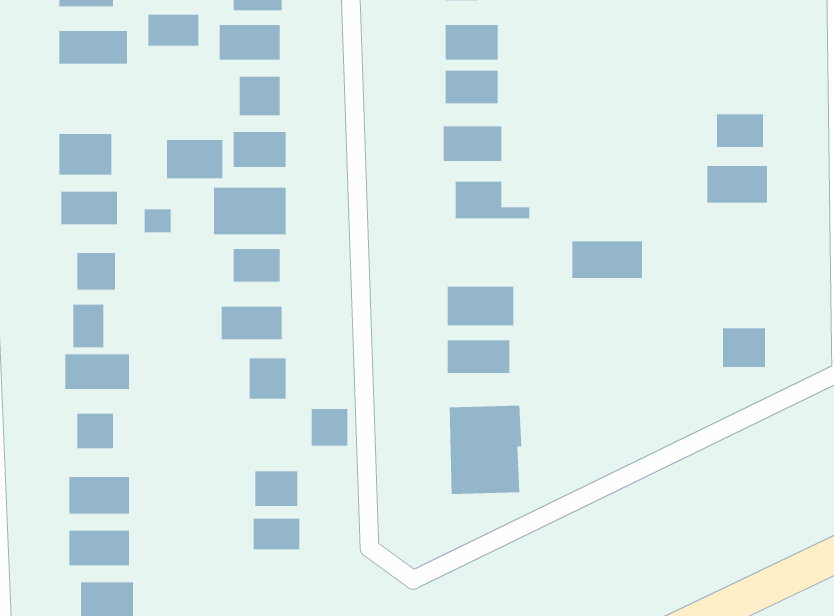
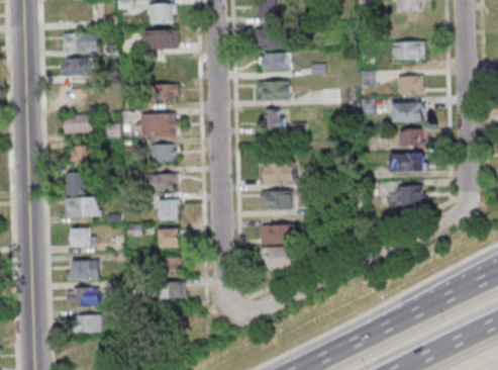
building: [148,14,199,46] -> [63,59,89,75]
building: none -> [393,41,424,60]
building: [166,139,223,179] -> none
building: none -> [399,128,425,147]
building: [572,241,643,279] -> [389,153,425,172]
building: [311,408,348,446] -> [159,228,178,248]

